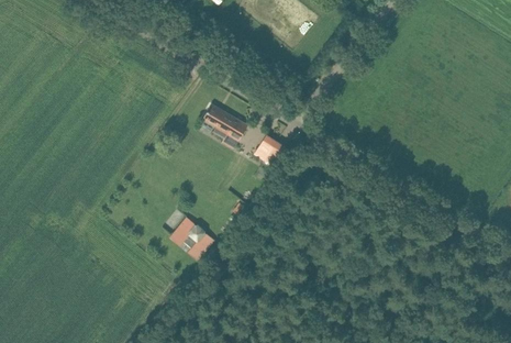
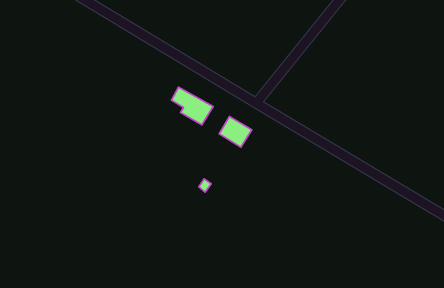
building: [173,218,213,256] -> none

